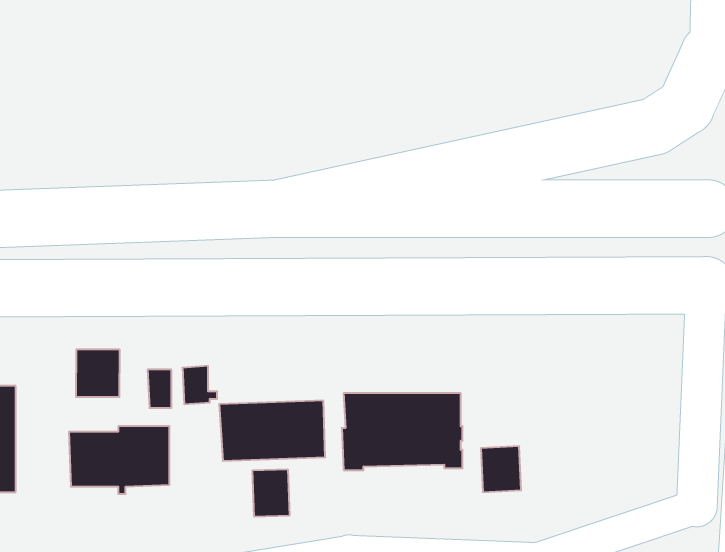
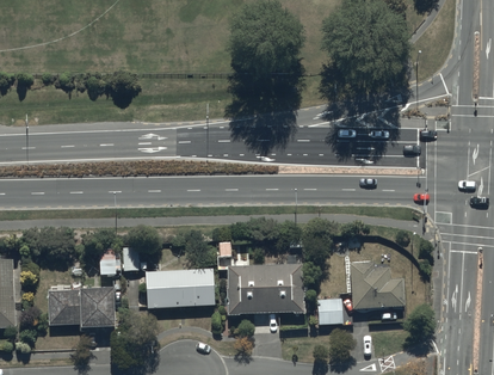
building: [76,349,119,397] -> none
building: none -> [350,262,405,308]
building: [253,469,289,517] -> none

